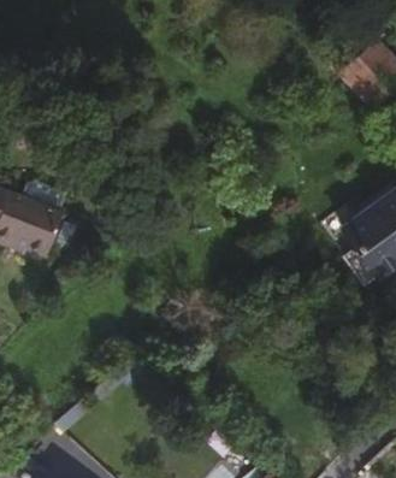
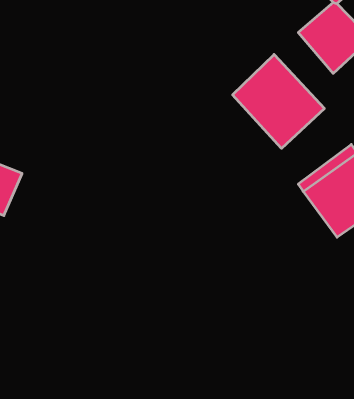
building: none -> [233,54,324,148]

